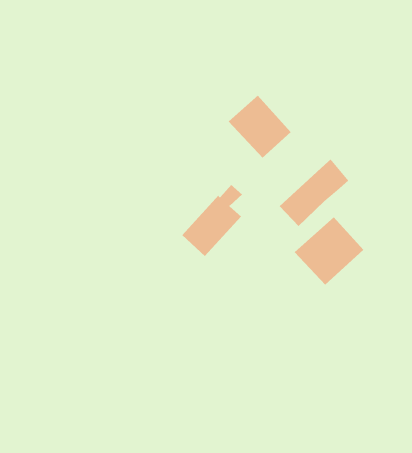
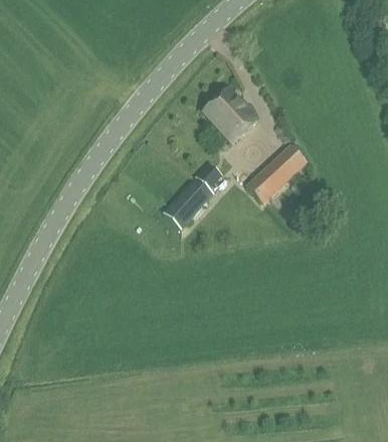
building: [294,216,364,285] -> none

